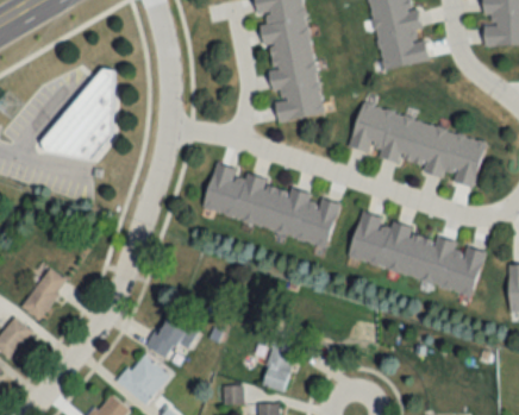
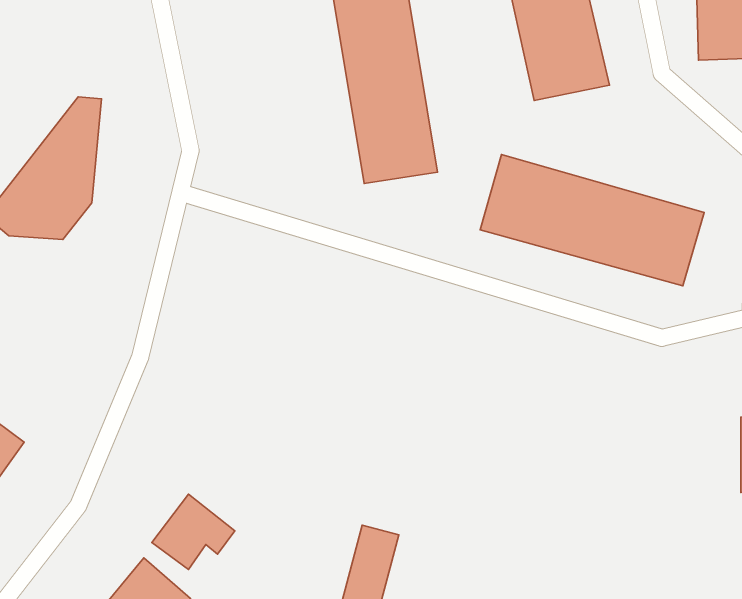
building: [202,165,342,246] -> none
building: [348,213,486,295] -> none

